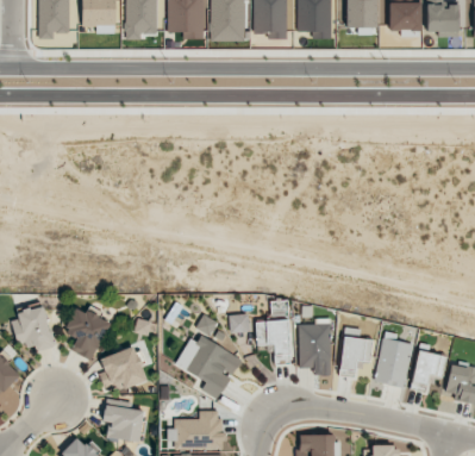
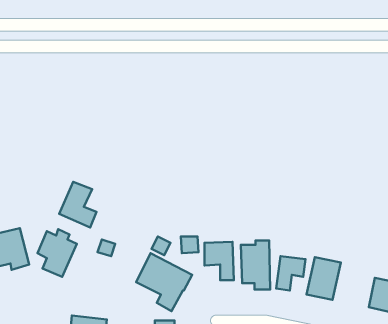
building: none -> [59,182,97,227]
building: [100,346,148,391] -> none
building: [411,350,448,391] -> none

